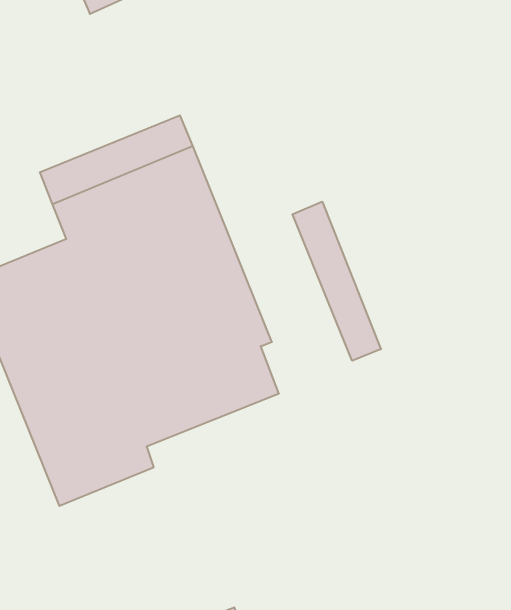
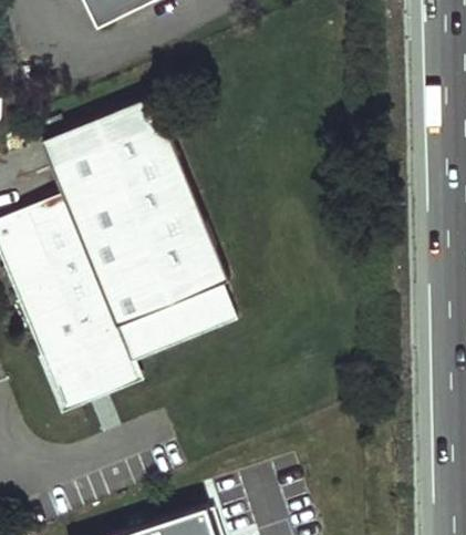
building: [292,202,381,361] -> none

